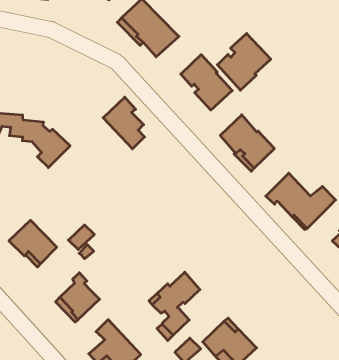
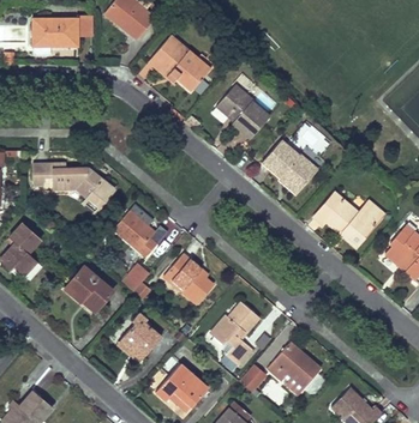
building: [217,33,271,90] -> none
building: [103,97,145,149] -> [113,206,156,256]
building: none -> [163,253,213,304]

